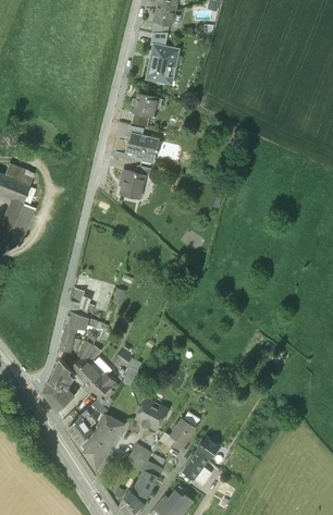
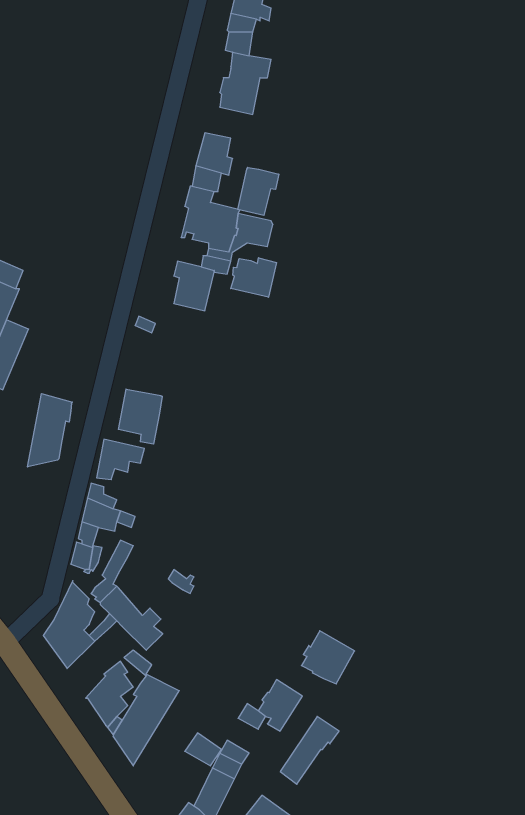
building: none -> [238,167,279,215]
building: none -> [231,258,277,297]
building: none -> [118,389,162,444]
building: none -> [28,394,72,467]
building: [136,397,168,429] -> [301,631,355,684]

